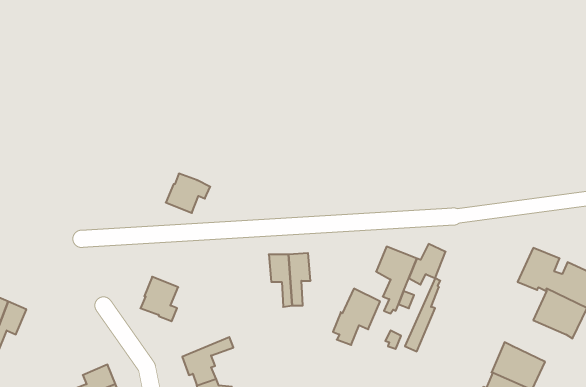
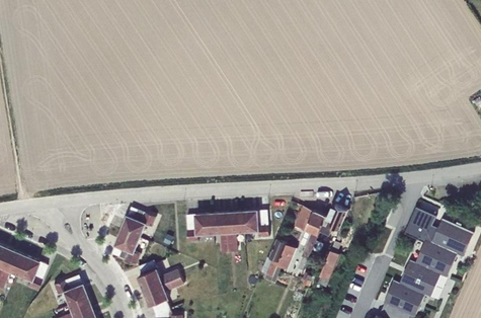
building: [166,174,210,213] -> [121,207,155,237]
building: none -> [241,210,268,237]
building: none -> [186,212,213,241]
building: none -> [15,254,47,289]
building: none -> [138,259,180,291]
building: none -> [399,259,440,297]
building: none -> [52,273,86,305]

